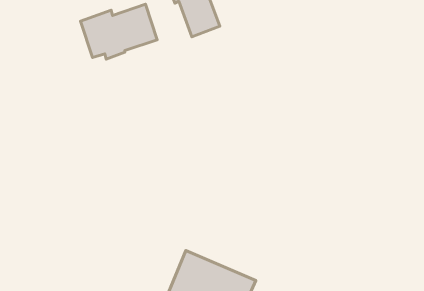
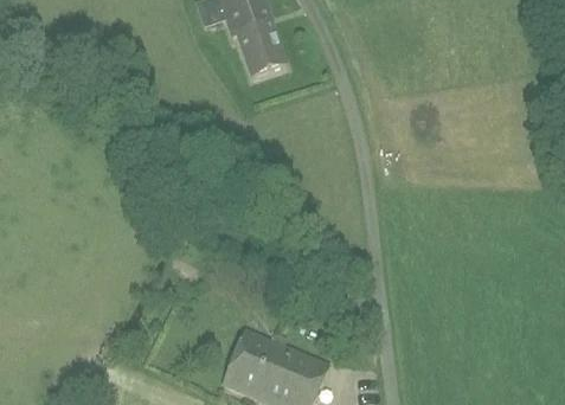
building: [80,4,157,59] -> none

